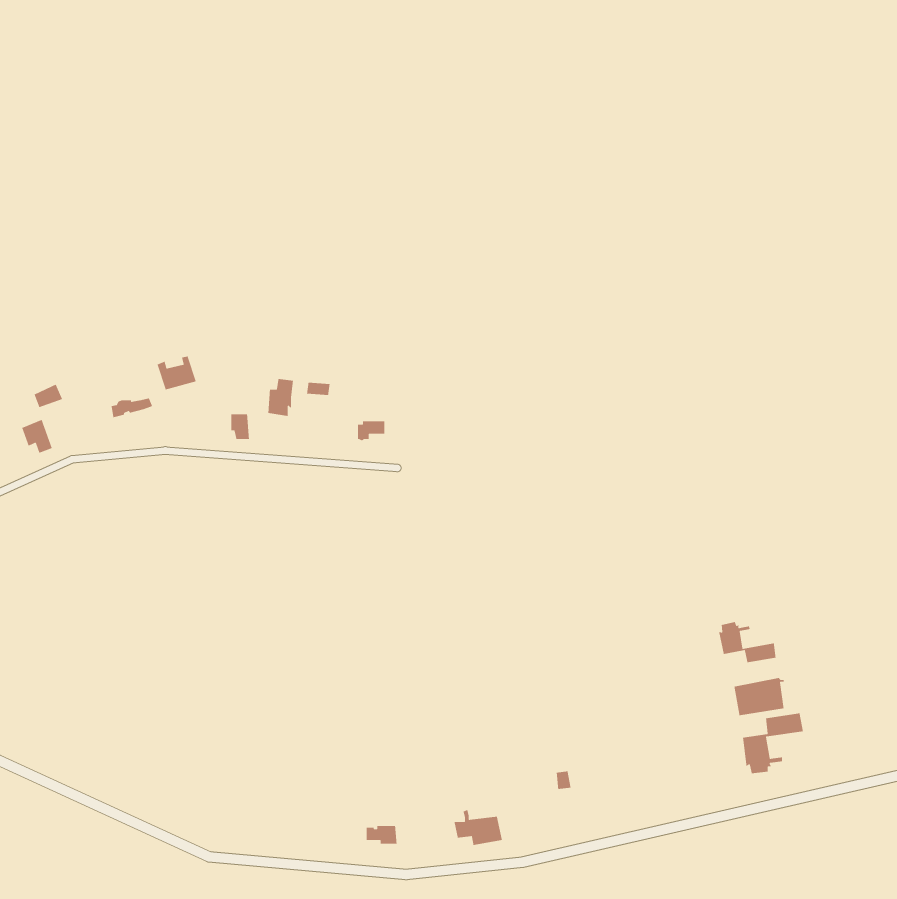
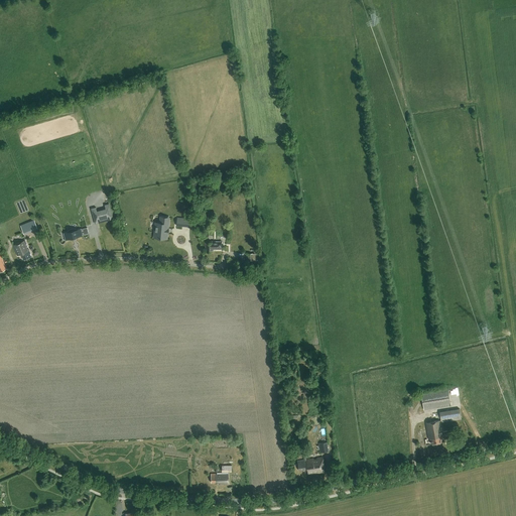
building: [718,621,777,663] -> none
building: [454,809,503,846] -> [296,454,325,475]

